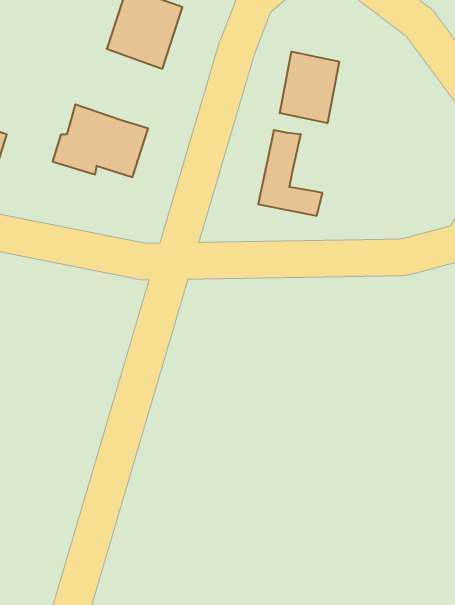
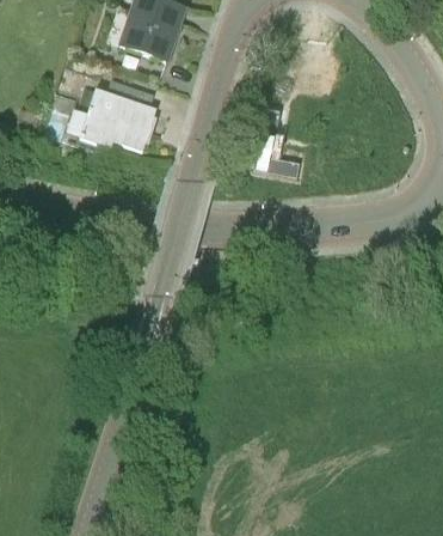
building: [280,52,339,123] -> none

